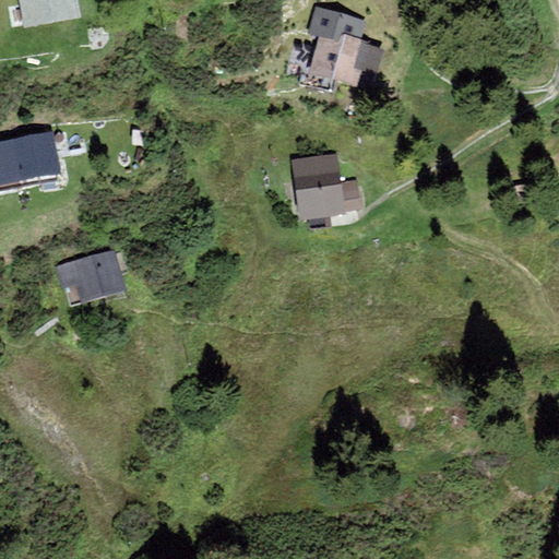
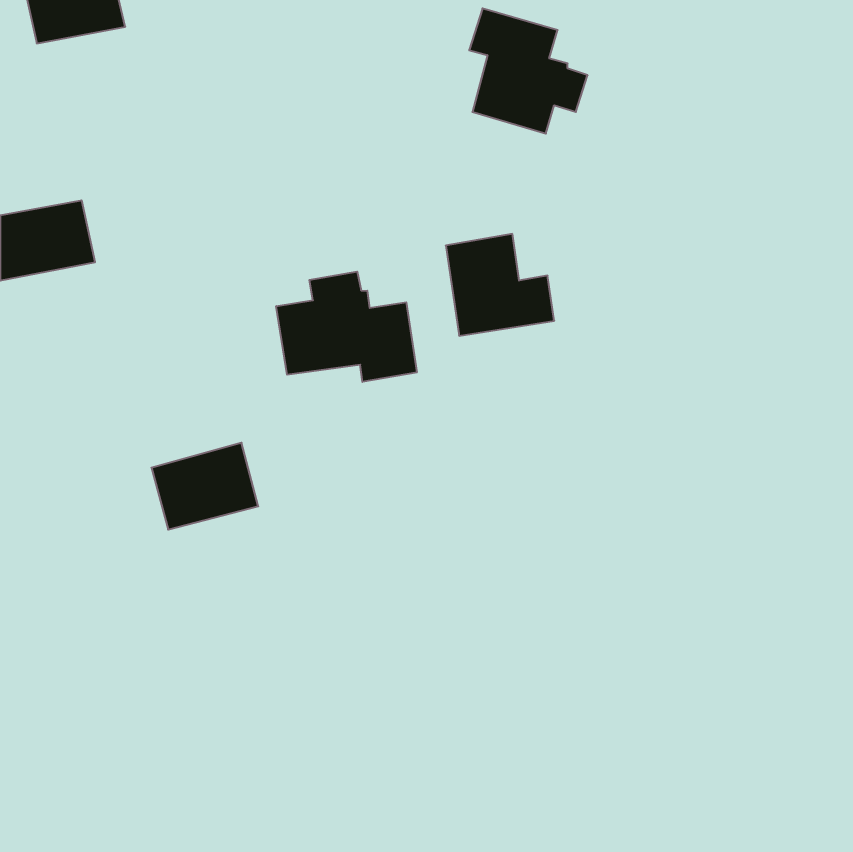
building: none -> [276,272,417,382]
building: [56,250,126,307] -> [151,443,258,530]

